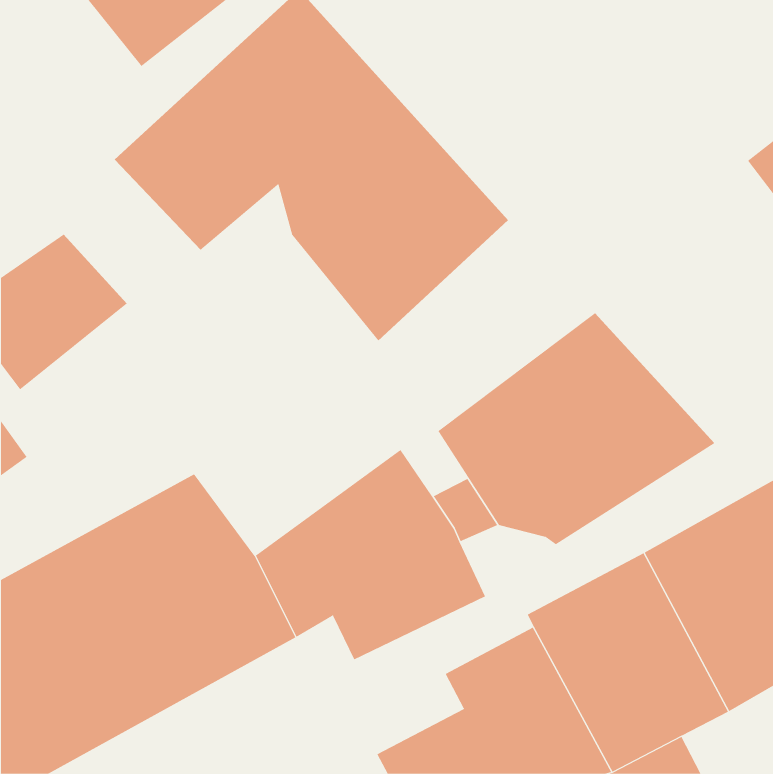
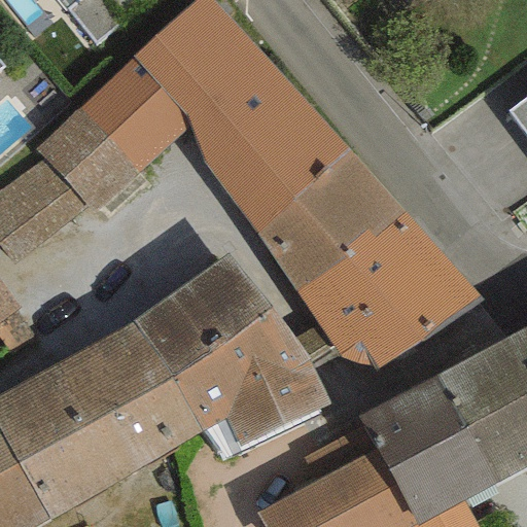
building: none -> [35,108,138,211]
building: none -> [258,149,406,292]
building: none -> [134,253,274,377]

